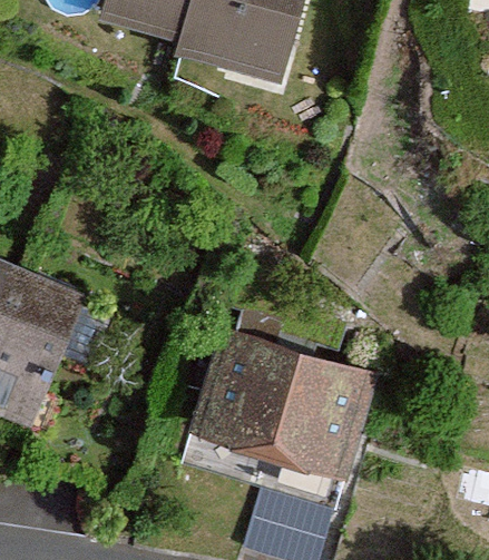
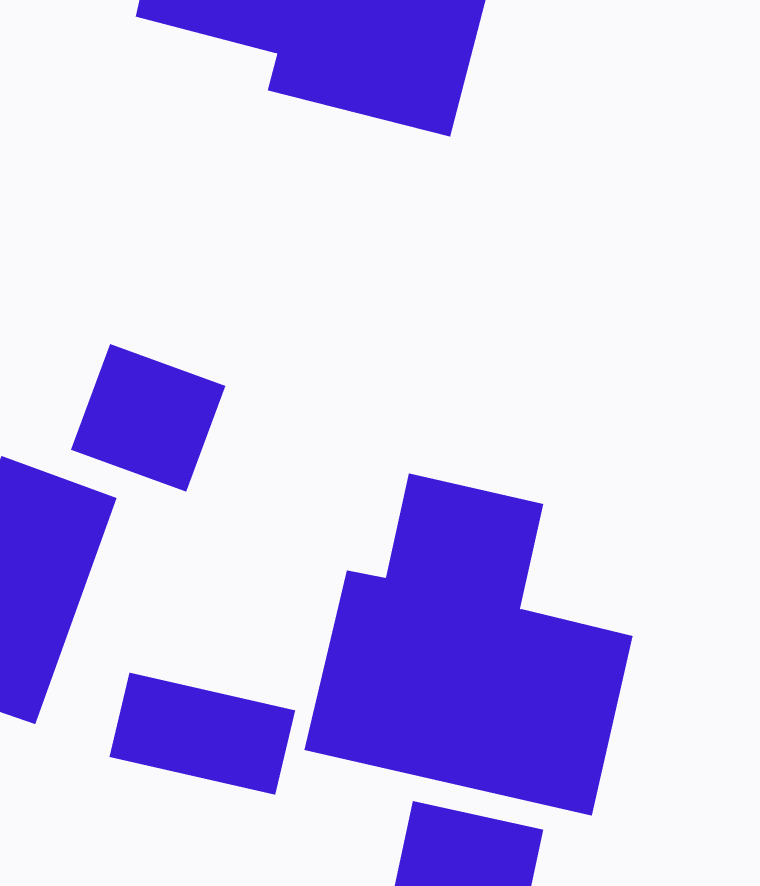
building: none -> [70,343,226,493]
building: none -> [109,672,296,796]

